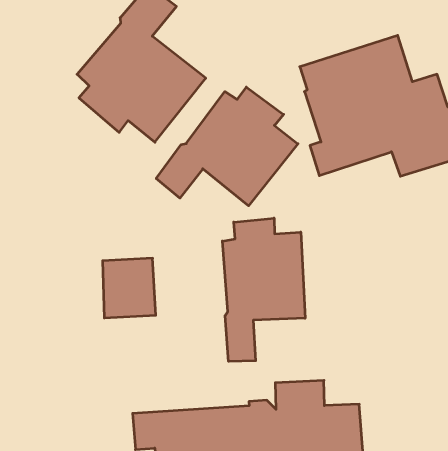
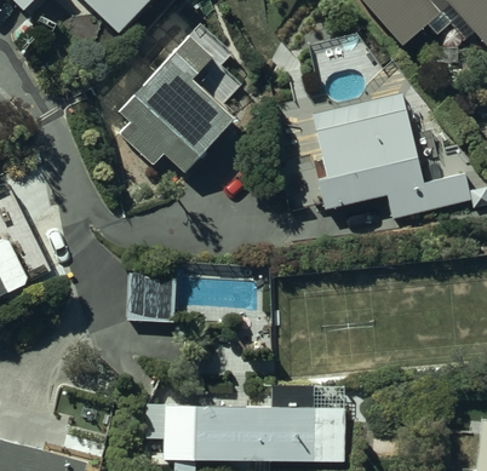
building: [156,87,298,206] -> none
building: [222,218,305,361] -> none

